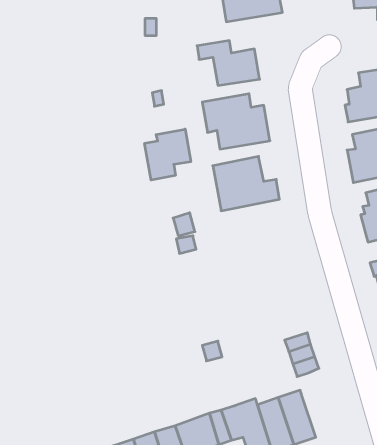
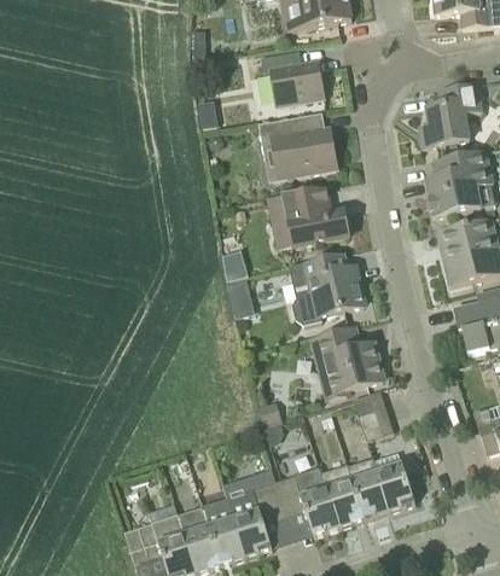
building: [145,129,191,180] -> none
building: none -> [286,254,364,322]
building: none -> [313,325,383,392]
building: none -> [373,452,415,511]

